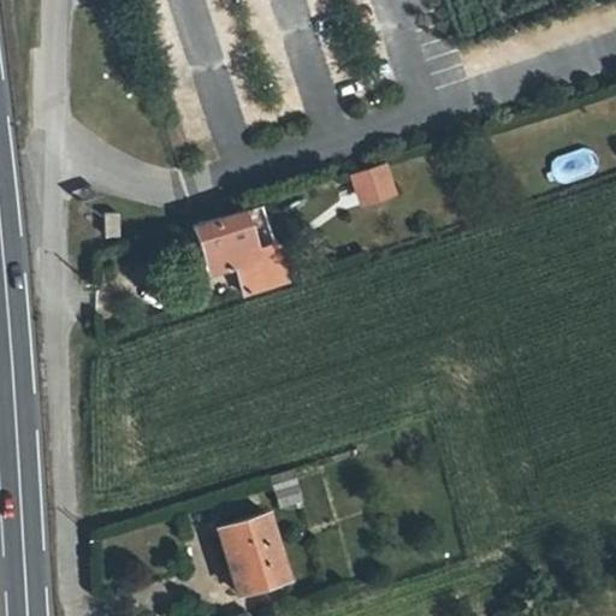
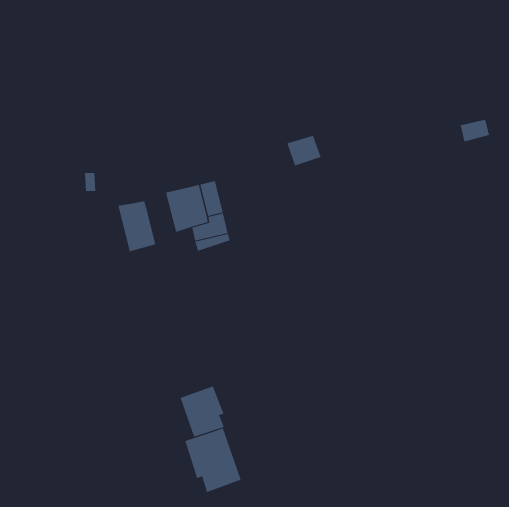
building: none -> [118,200,156,252]
building: none -> [180,386,224,437]

